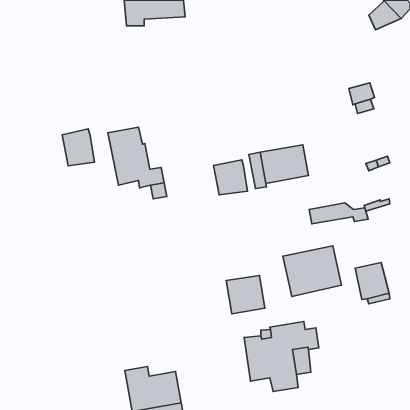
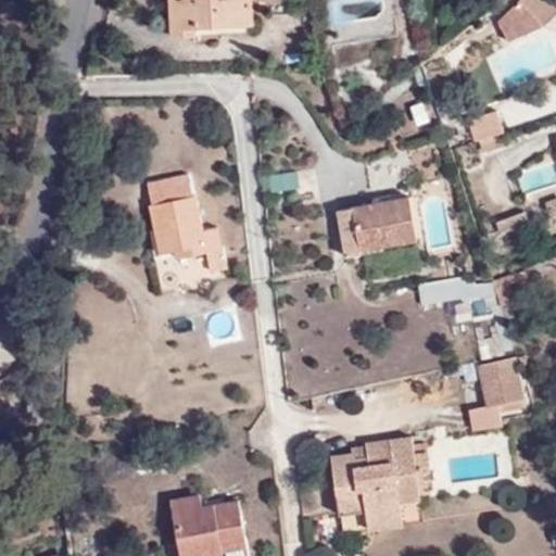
building: [62,129,95,166] -> none
building: [214,160,247,195] -> none
building: [283,246,341,296] -> none
building: [226,275,265,314] -> none

